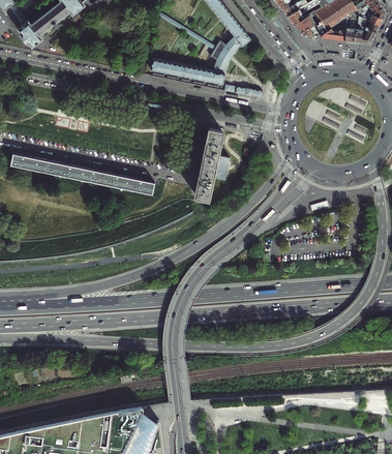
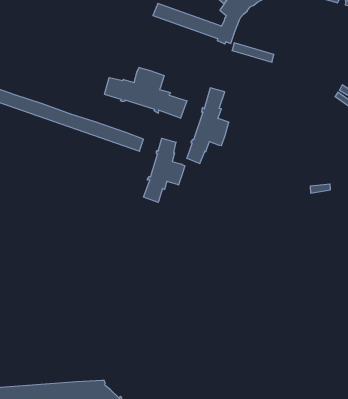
building: none -> [105,67,187,118]
building: none -> [144,138,185,202]

